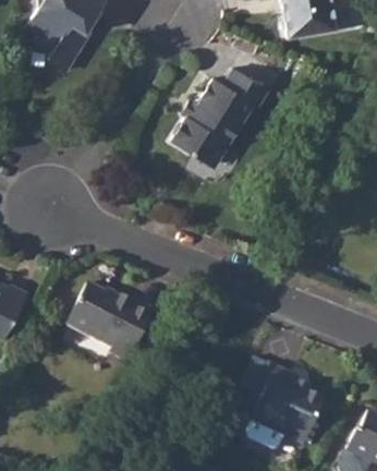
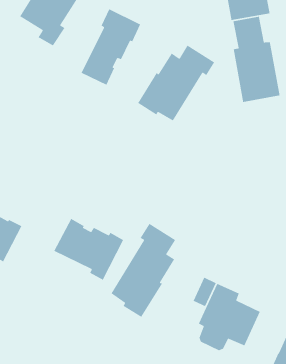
building: none -> [80,8,141,86]
building: none -> [232,16,281,103]
building: none -> [110,223,176,318]

